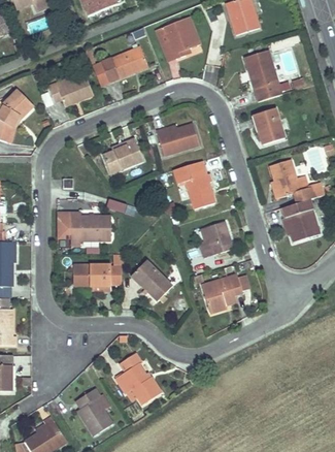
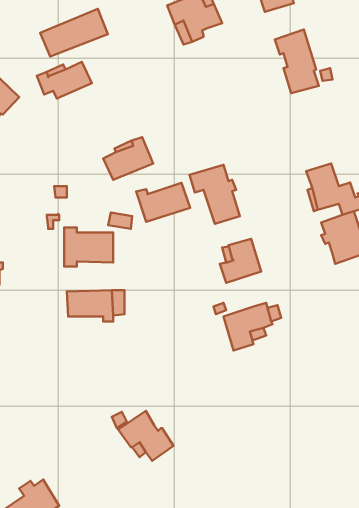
building: [92,45,147,85] -> [40,9,108,57]
building: [256,107,283,143] -> none
building: [155,123,199,155] -> [136,183,190,222]
building: [130,259,171,300] -> none
building: [75,388,112,434] -> none

